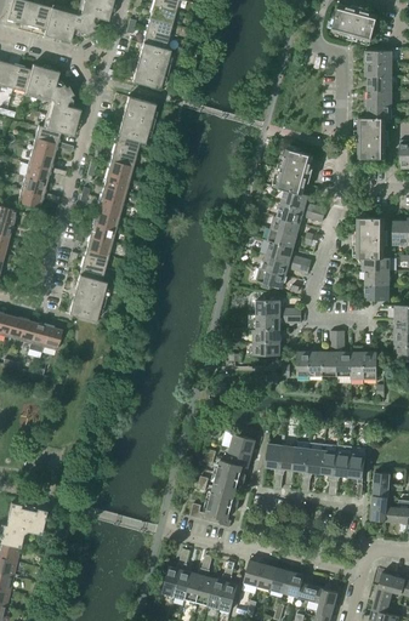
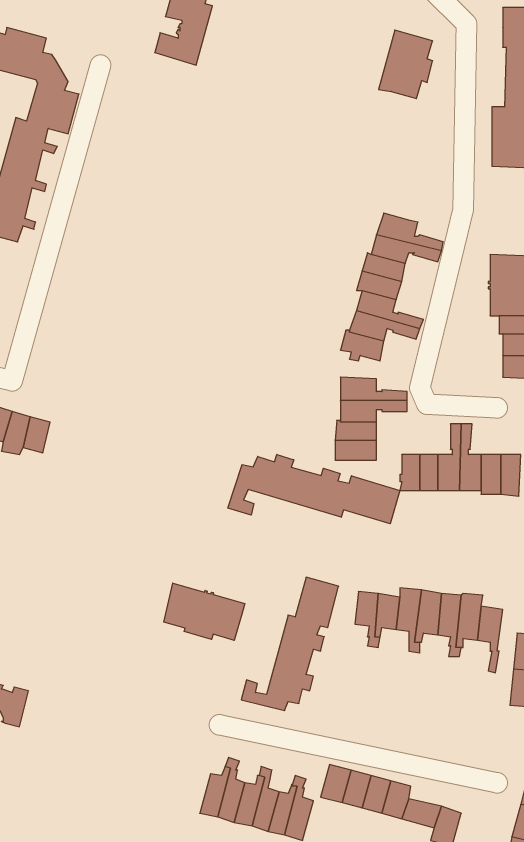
building: [69,97,157,321] -> none
building: [278,148,314,194] -> [379,30,433,99]
building: none -> [228,454,400,524]
building: none -> [164,583,245,640]

